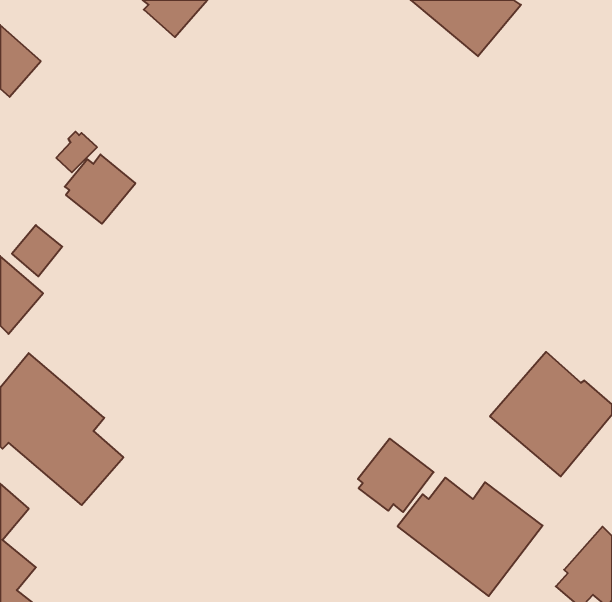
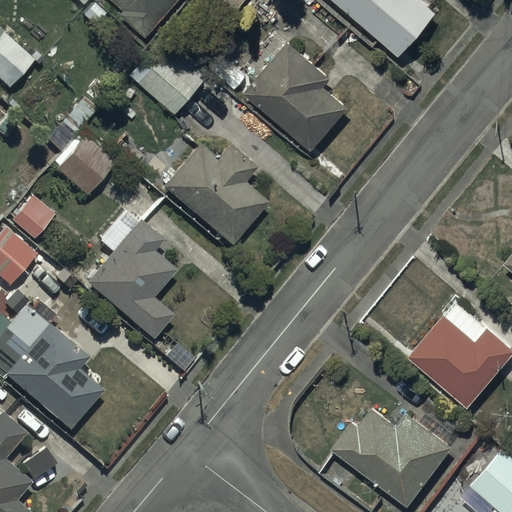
building: none -> [244,42,347,150]
building: none -> [131,43,204,114]
building: none -> [162,144,266,244]
building: none -> [84,212,175,339]
building: [358,439,434,512] -> none

